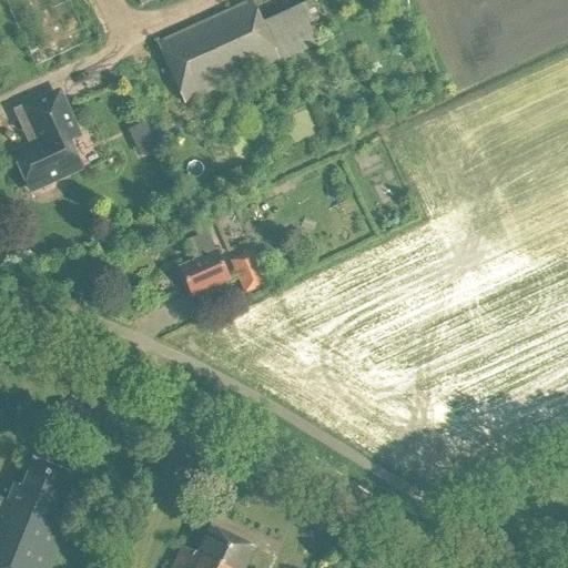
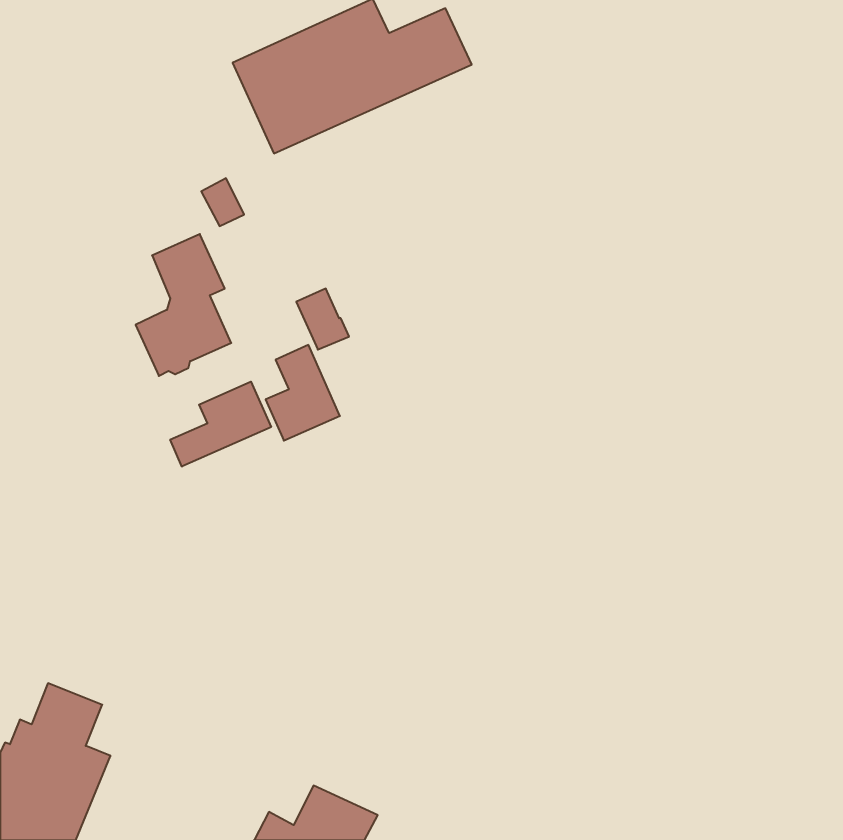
building: [14,94,79,190] -> [136,234,231,376]
building: [231,252,266,293] -> [296,289,349,350]
building: none -> [170,382,271,467]

